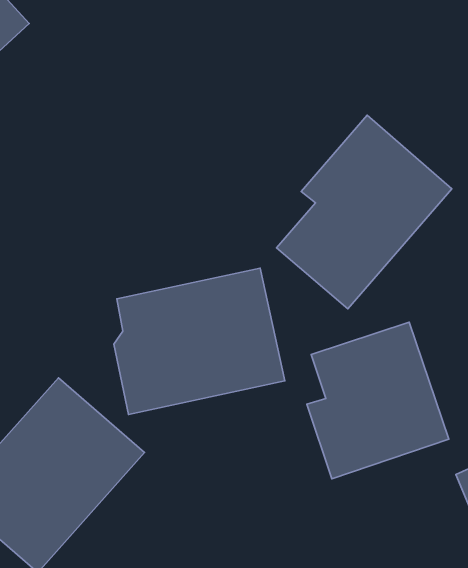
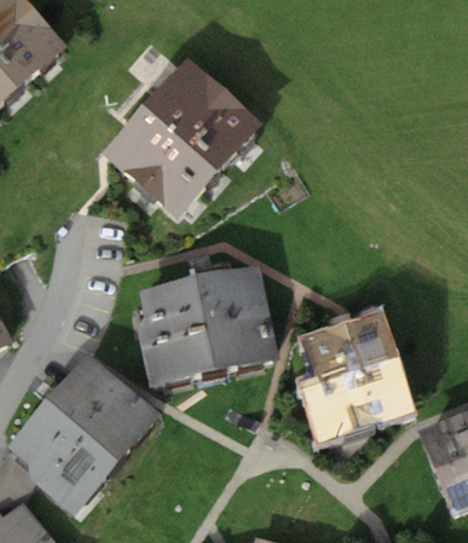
building: none -> [104,74,260,232]
building: [277,115,452,309] -> none

